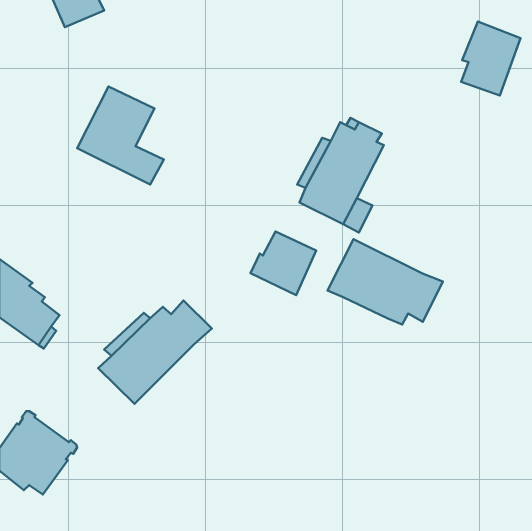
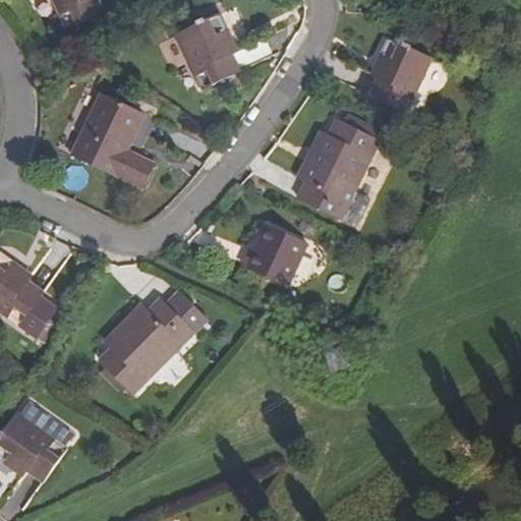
building: none -> [176,13,237,86]
building: [461,21,521,95] -> [366,43,424,115]
building: [328,239,443,325] -> none

